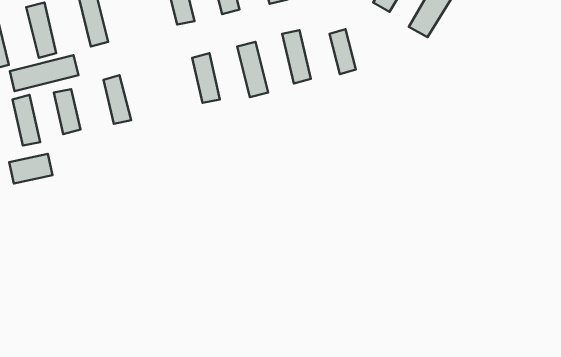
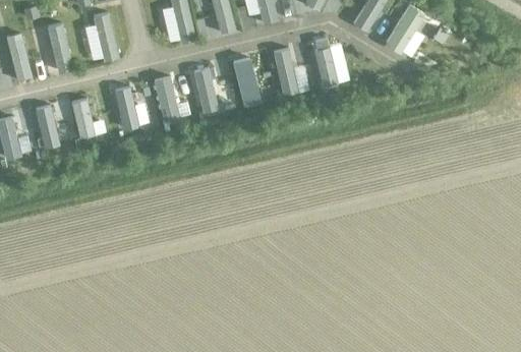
building: [10,55,78,91] -> none
building: none -> [154,76,179,122]
building: [9,154,53,184] -> none

